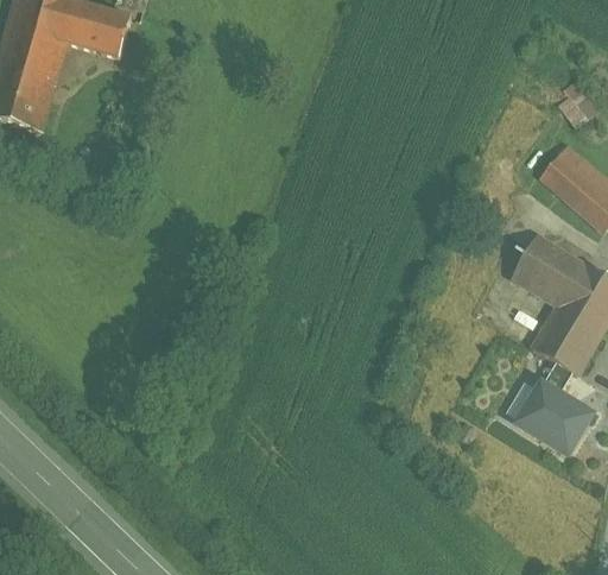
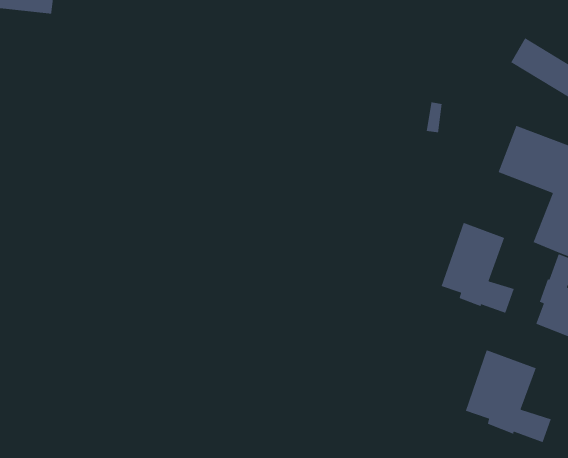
building: none -> [441,222,515,314]
building: none -> [465,349,552,443]

